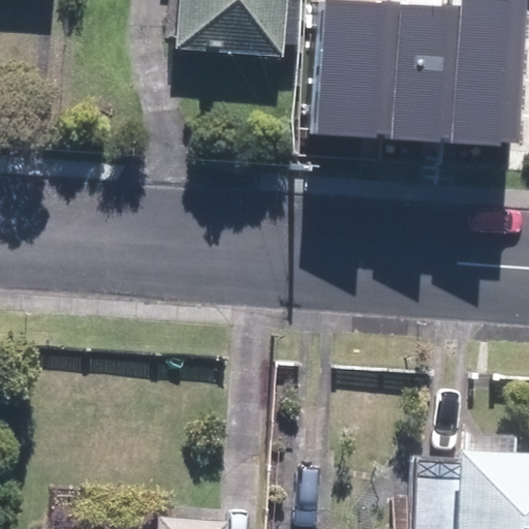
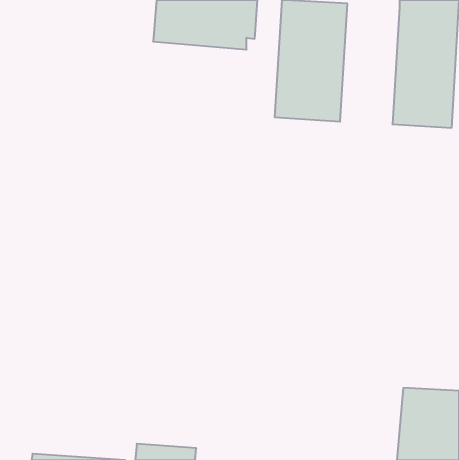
building: [391,4,459,143] -> none

